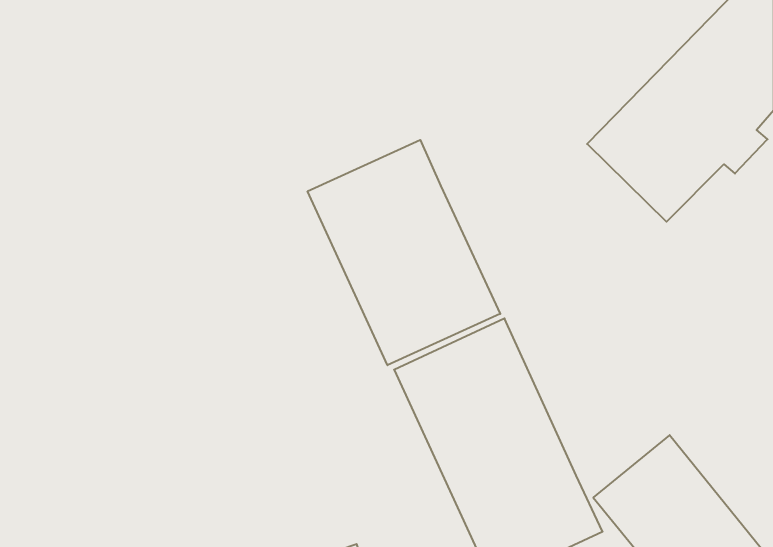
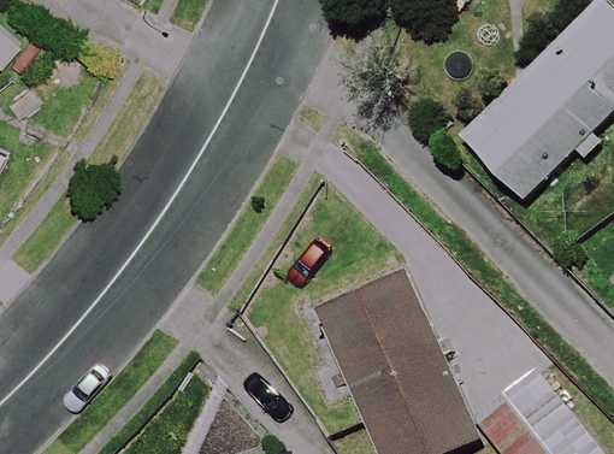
building: [308,140,500,365] -> none

